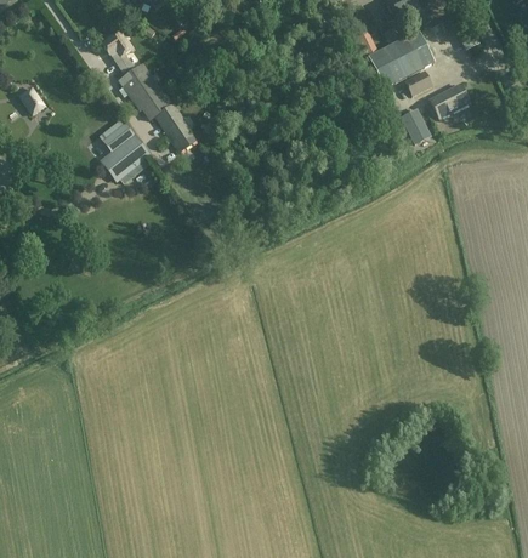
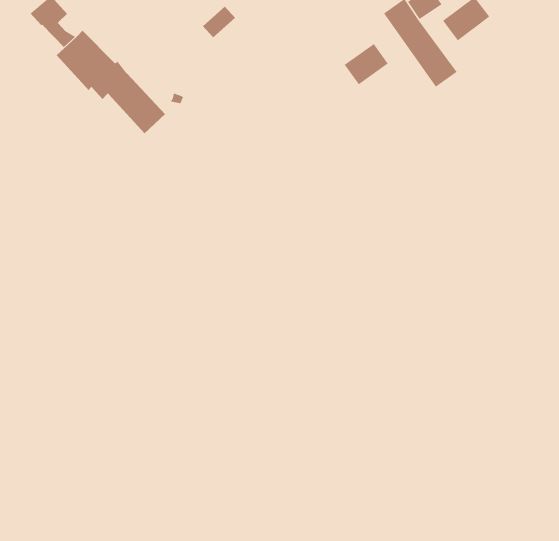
building: none -> [344,43,389,85]
building: [102,120,153,182] -> none

